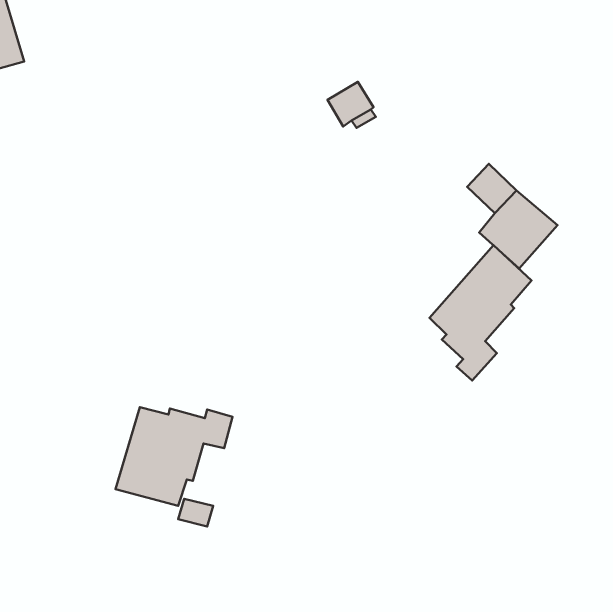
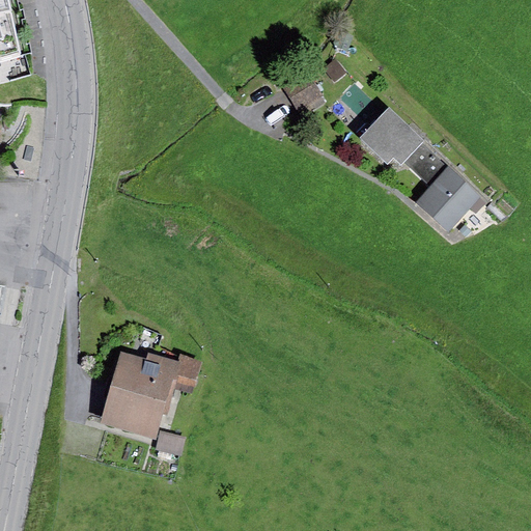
building: none -> [359,107,422,170]
building: [430,245,531,380] -> none

